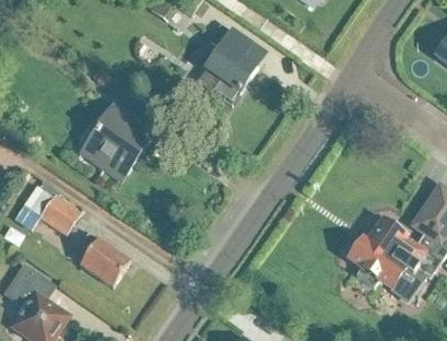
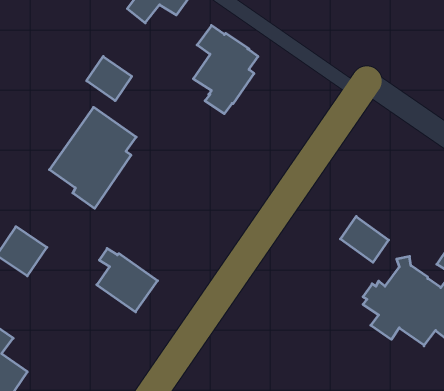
building: none -> [87,56,132,101]
building: none -> [340,216,389,262]
building: [78,233,129,286] -> [97,248,158,312]

